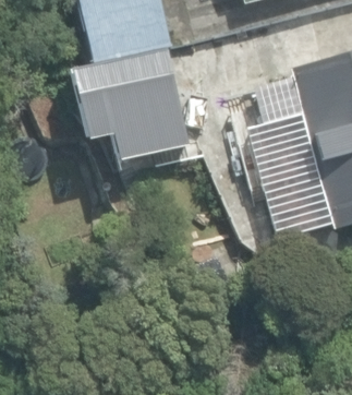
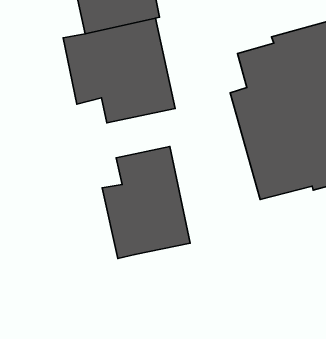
building: none -> [102,146,190,259]

